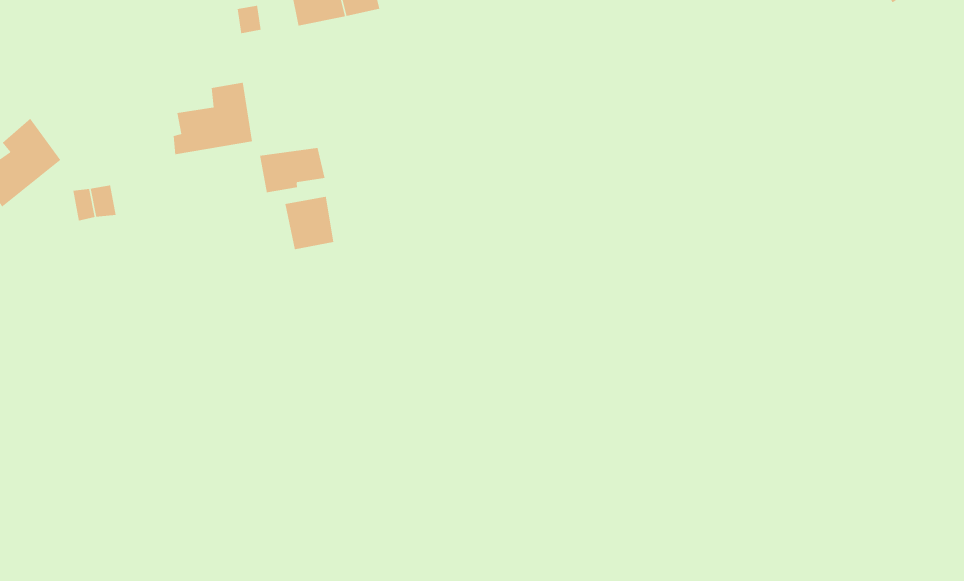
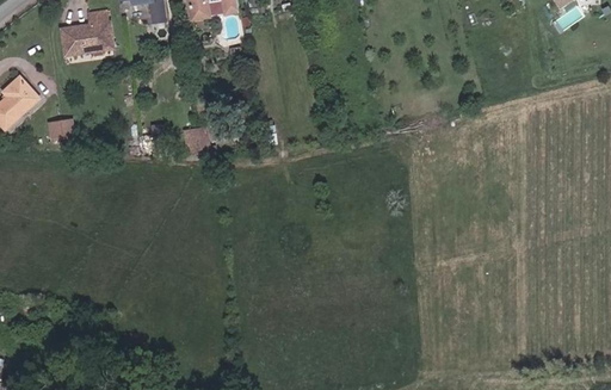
building: [173,82,253,155] -> [62,13,112,58]
building: [260,147,325,193] -> none

